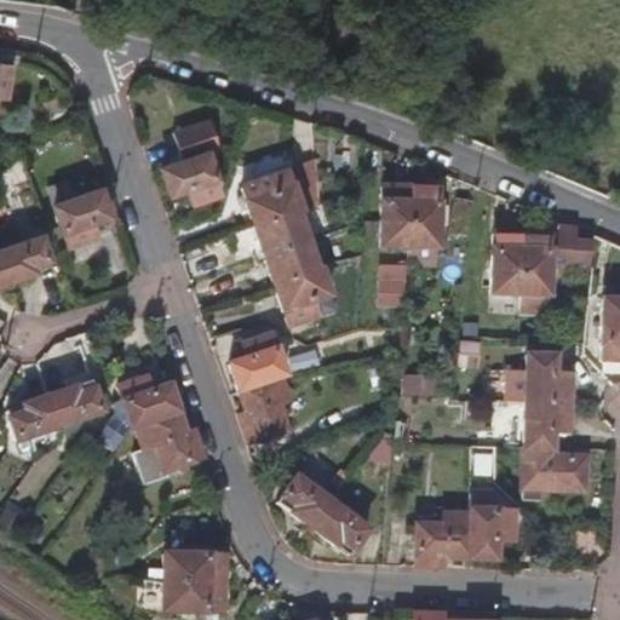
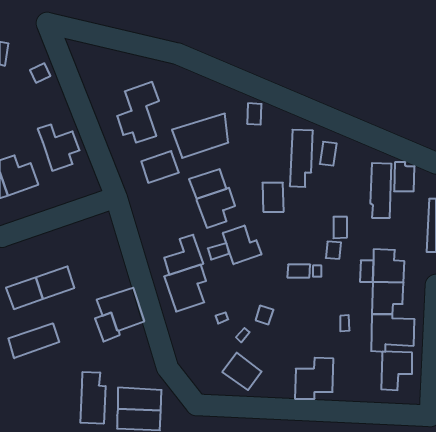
building: [380,183,414,243] -> none
building: [258,209,311,254] -> [141,151,179,183]
building: [494,230,527,298] -> none
building: none -> [223,225,261,264]
building: [119,375,182,425] -> none
building: none -> [8,323,59,358]
building: [279,473,335,528] -> none
building: [471,503,515,557] -> [381,352,412,390]
building: none -> [80,372,106,424]

